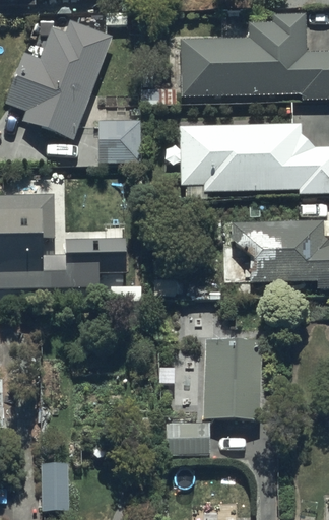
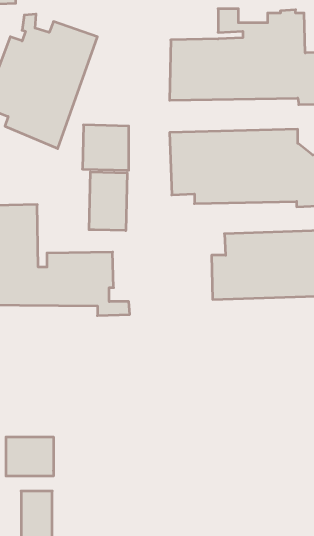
building: none -> [89,172,127,231]
building: [167,337,261,455] -> none
building: none -> [6,437,53,476]

